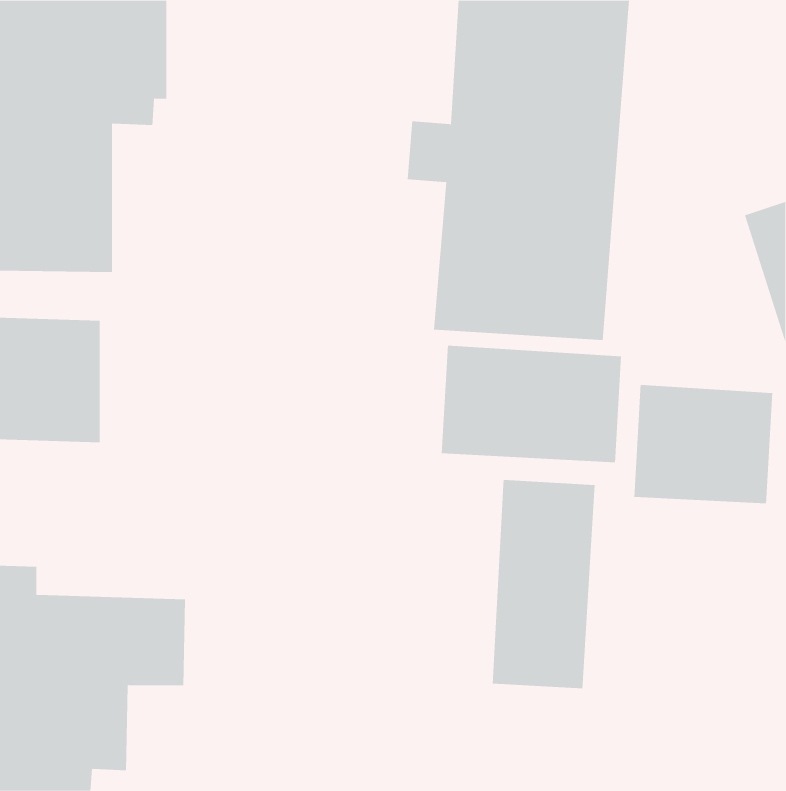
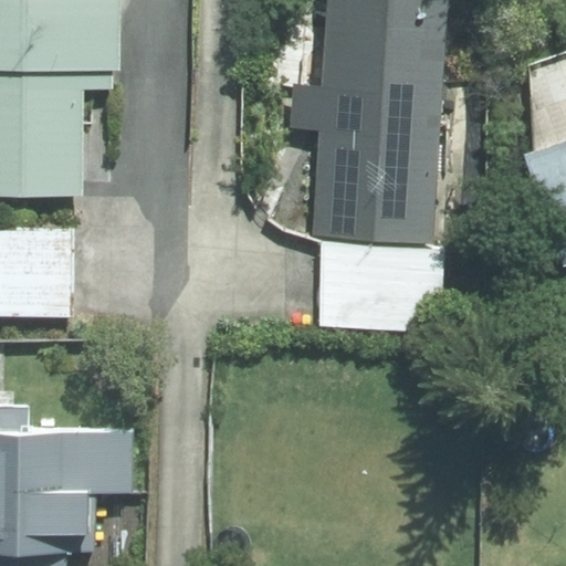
building: [634,384,773,504] -> none
building: [492,479,595,689] -> none

